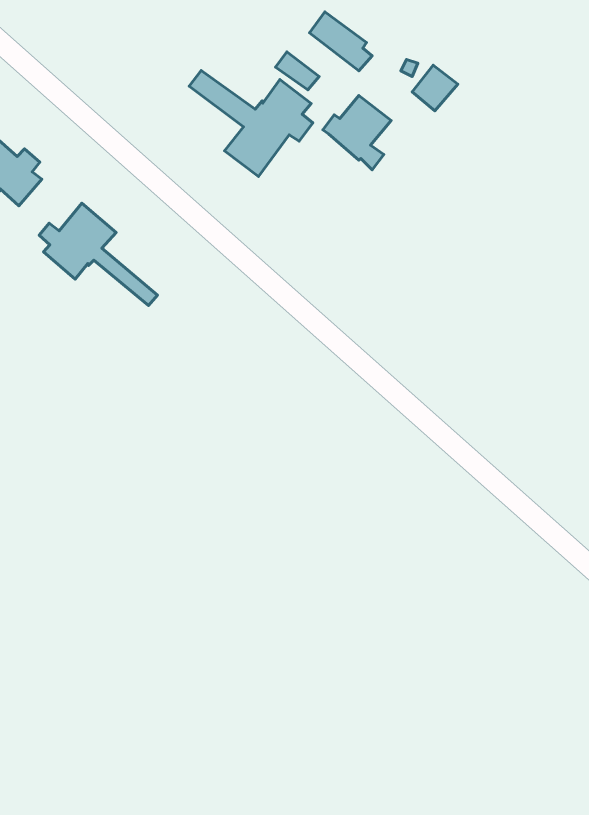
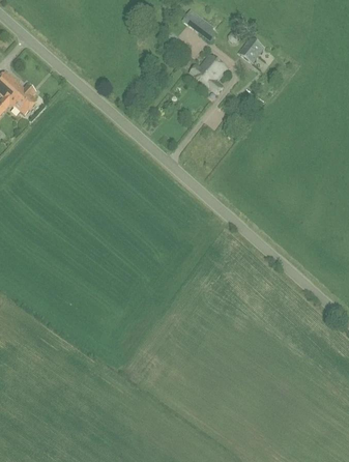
building: [189,70,313,176] -> none
building: [39,203,157,305] -> none

